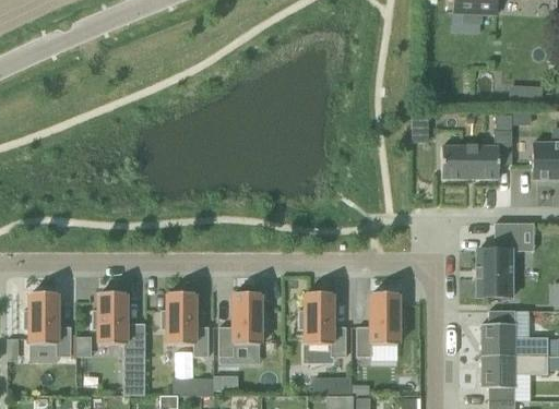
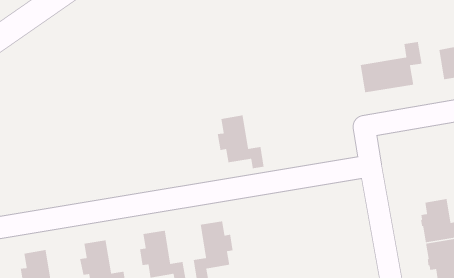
building: [475,224,521,298] -> none
building: [299,293,346,356] -> [217,115,265,169]
building: [356,293,404,356] -> none

